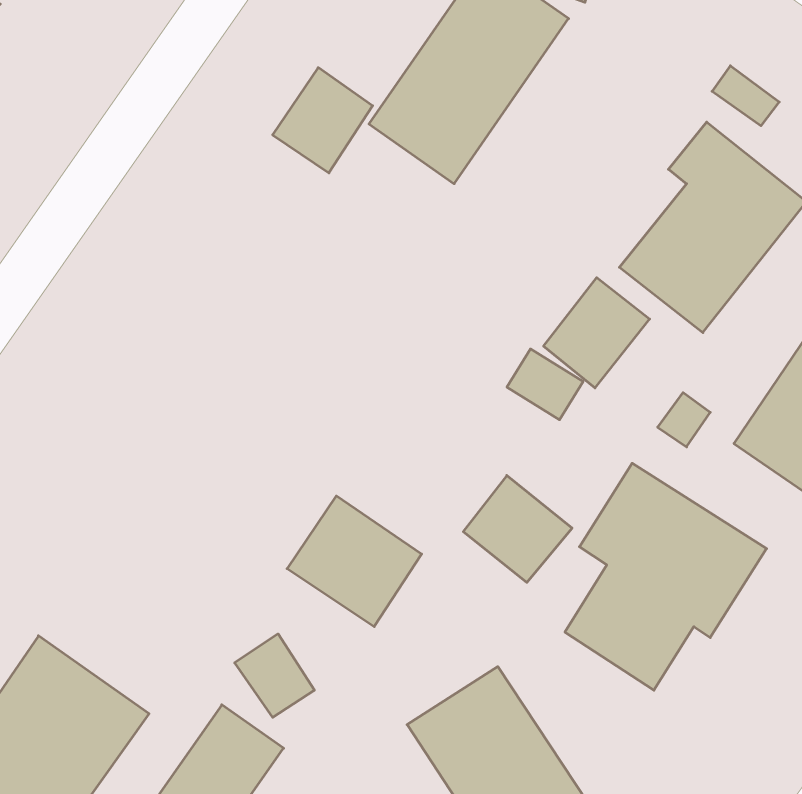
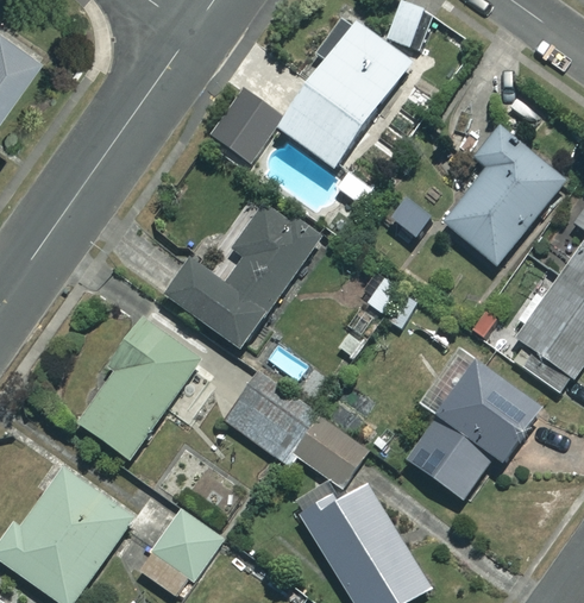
building: none -> [168,207,316,350]
building: [544,278,650,388] -> none
building: none -> [76,318,201,459]
building: [463,475,572,582] -> [296,415,368,485]

